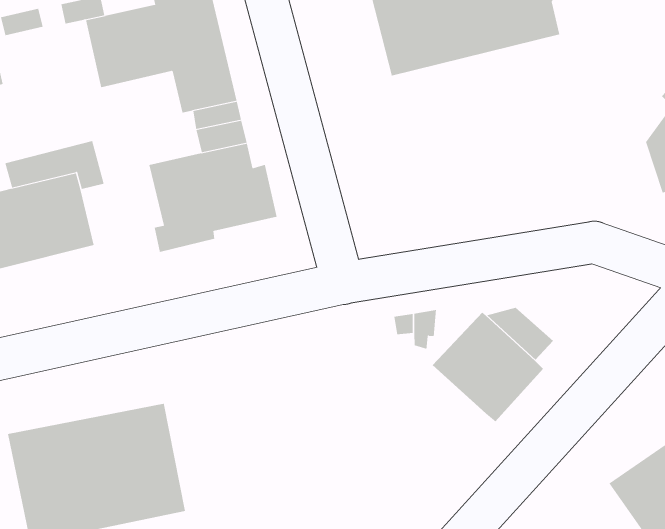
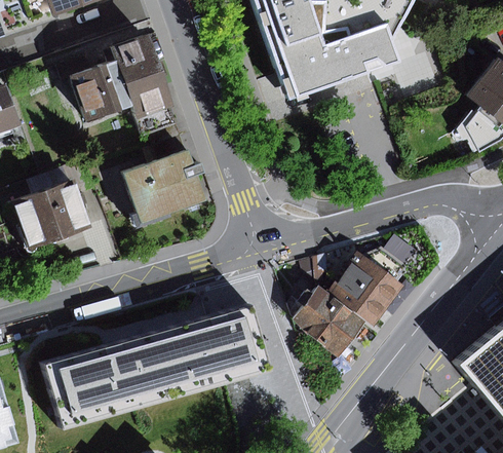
building: none -> [292,284,365,355]
building: none -> [148,301,270,403]

